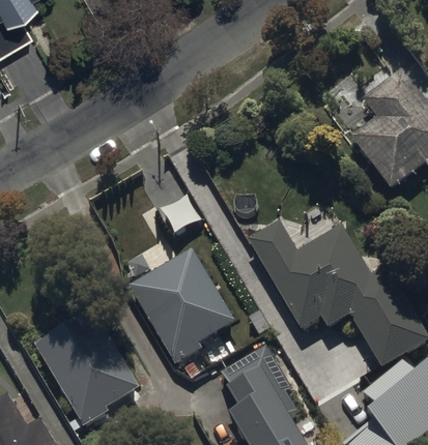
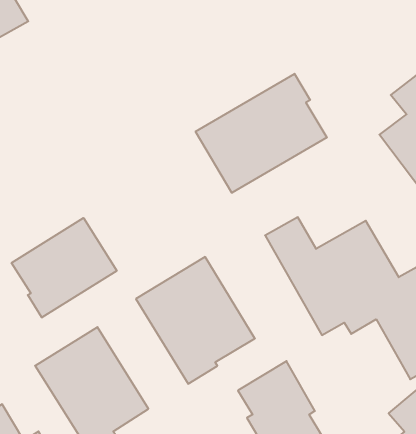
building: none -> [196,74,327,193]
building: none -> [12,218,117,318]

